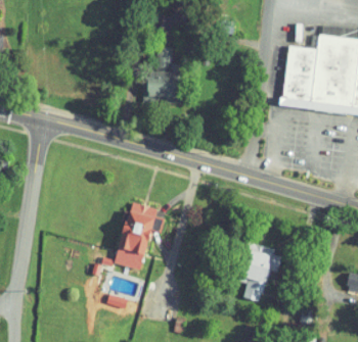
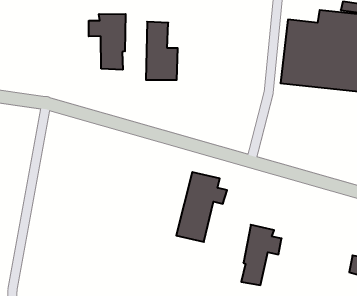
building: none -> [89,14,126,70]
building: [115,202,164,270] -> [176,172,227,242]

